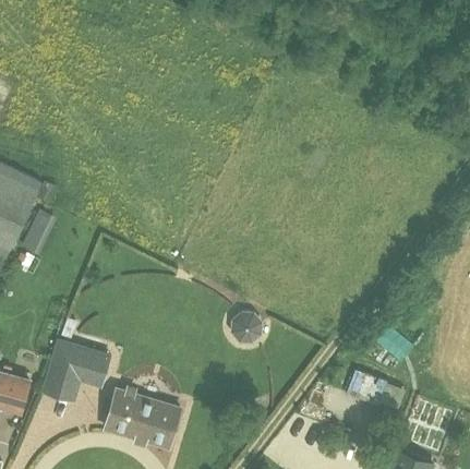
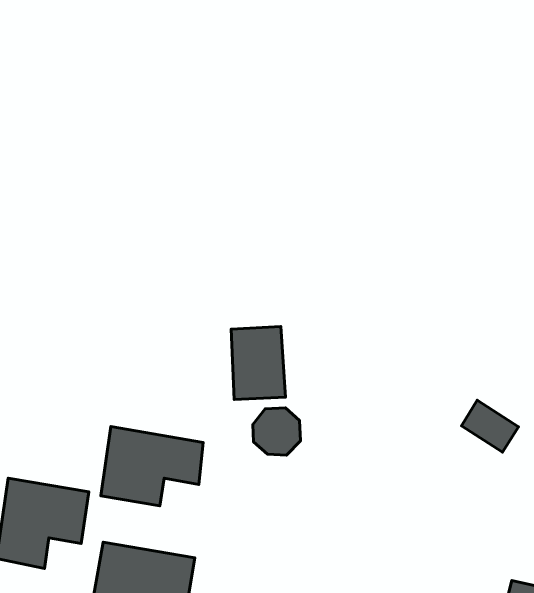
building: none -> [231,327,285,399]
building: none -> [101,427,203,506]

